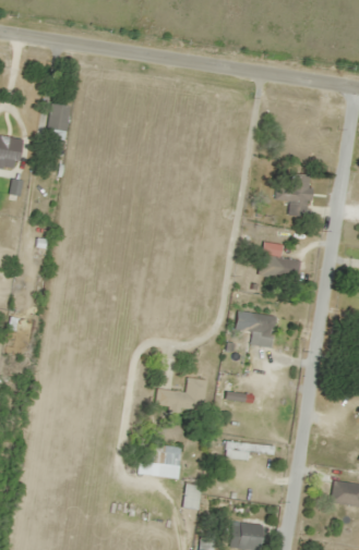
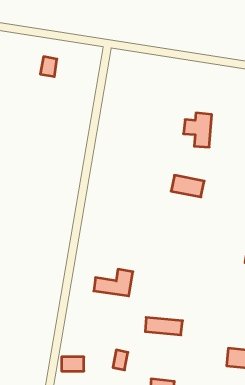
building: [48,105,70,131] -> [40,57,57,77]
building: [246,313,277,339] -> none
building: [151,447,180,465] -> [62,357,84,371]

